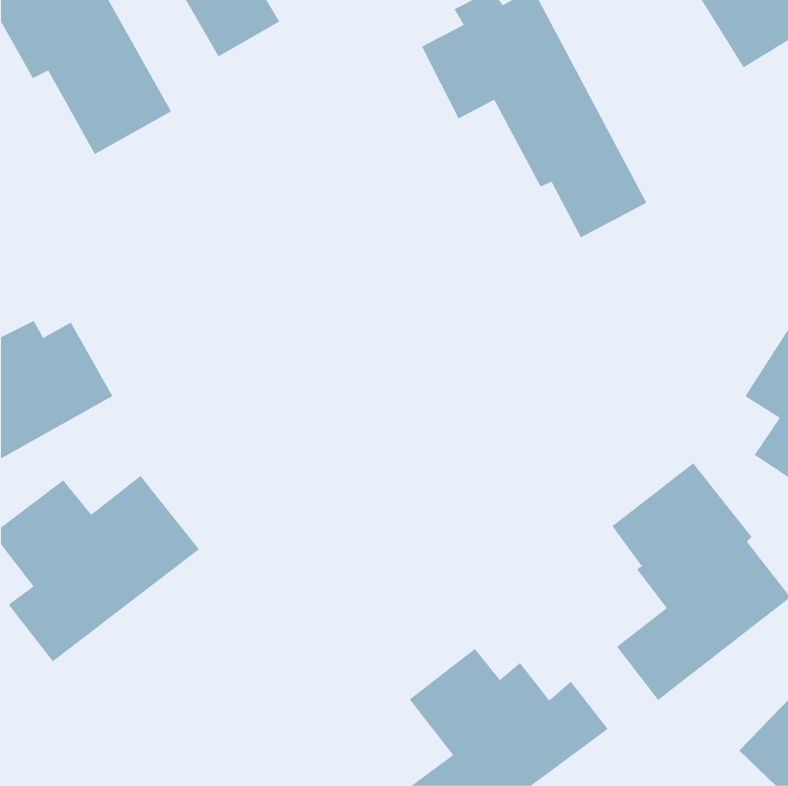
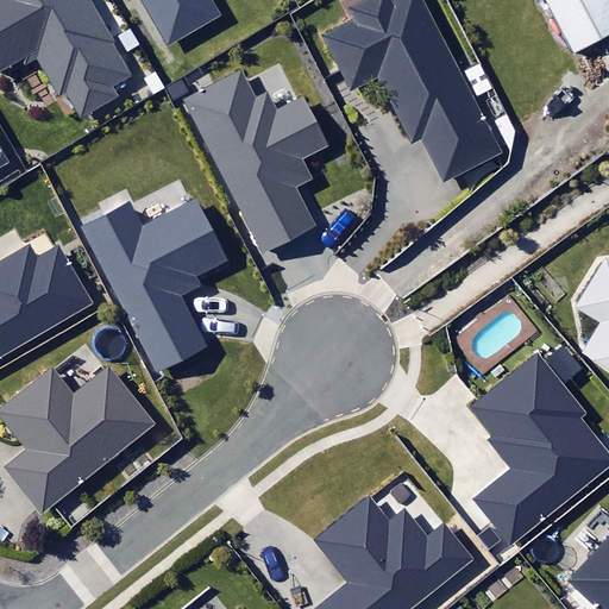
building: none -> [187,71,326,251]
building: none -> [84,202,221,369]

